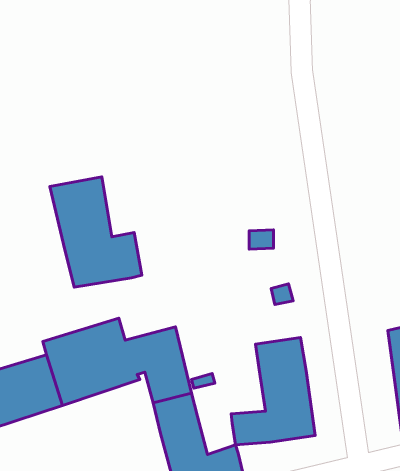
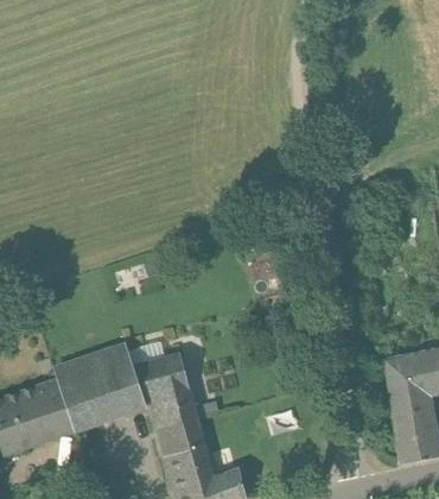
building: [50,177,142,287] -> none
building: [231,337,315,445] -> none

